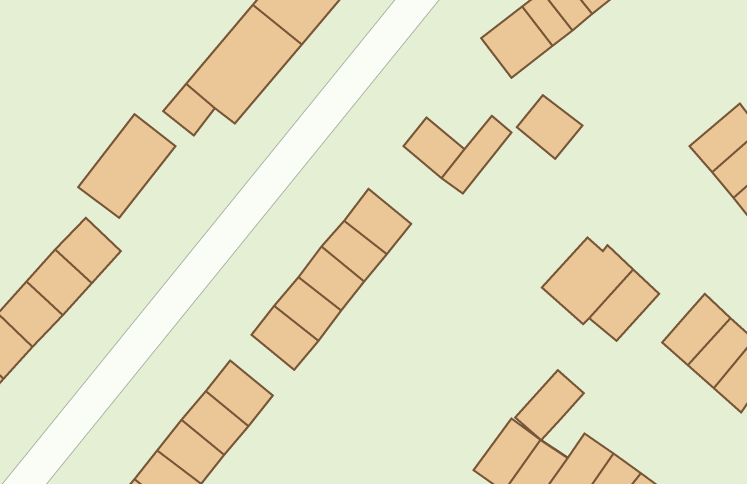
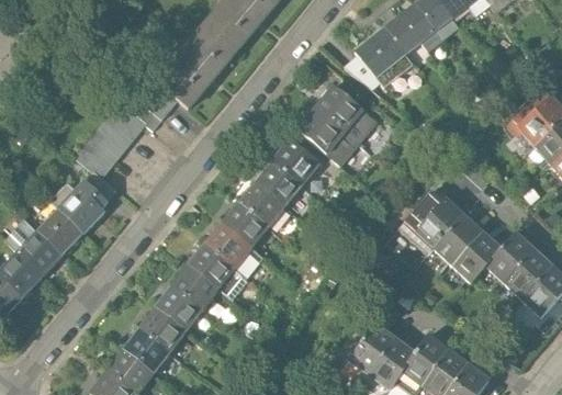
building: [517,95,582,159] -> [319,84,367,131]
building: none -> [278,138,326,184]
building: none -> [178,264,224,308]
building: [515,370,584,440] -> [457,235,506,285]

